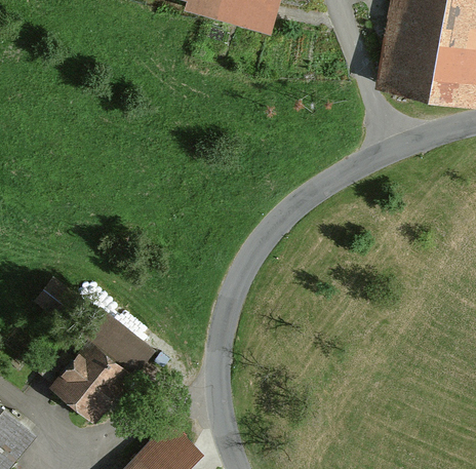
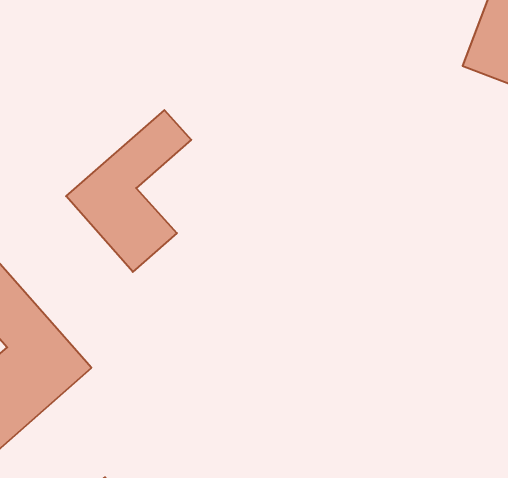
building: none -> [66,110,191,272]

